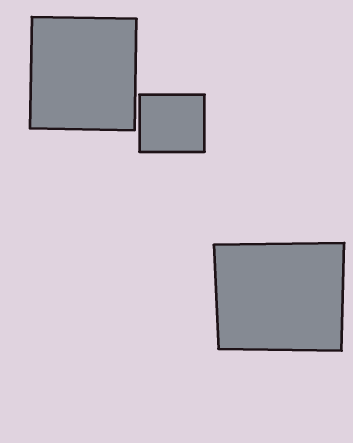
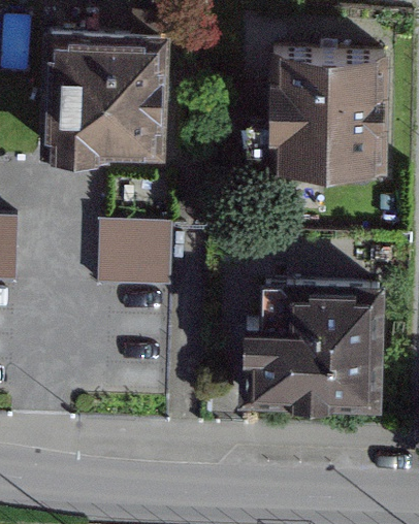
building: none -> [269,52,397,172]
building: [139,95,205,152] -> [92,220,165,284]

